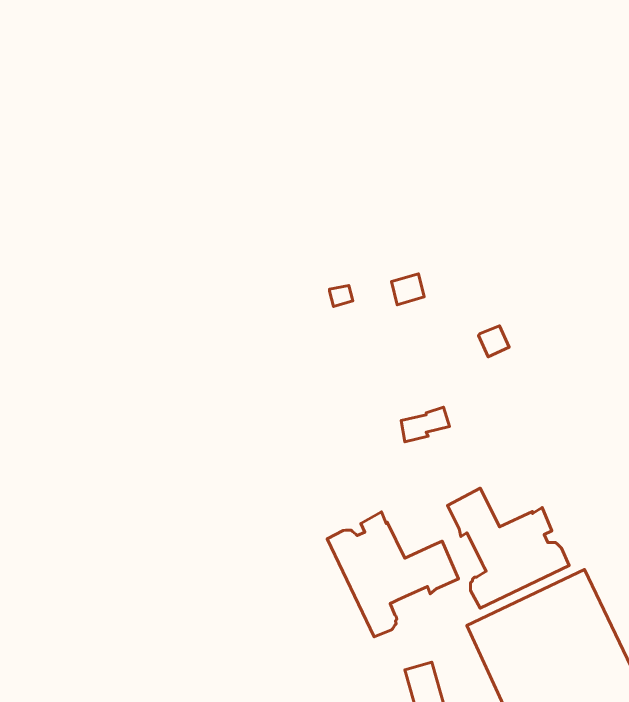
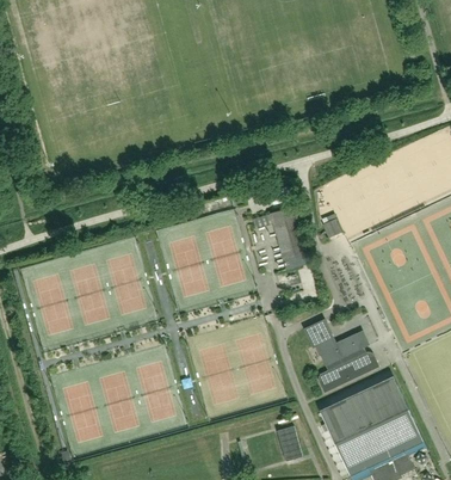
building: none -> [268,207,309,270]
building: [327,512,458,637] -> none

